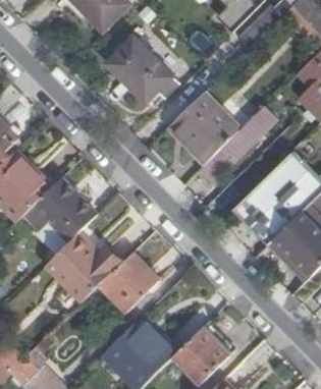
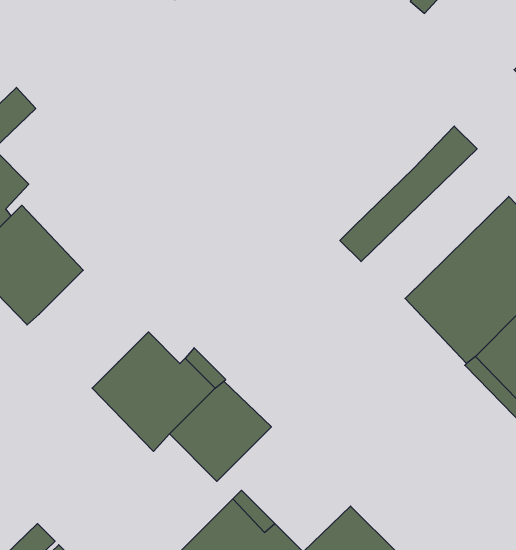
building: [107,39,179,105] -> none
building: [170,94,240,165] -> none
building: [23,179,96,243] -> none

